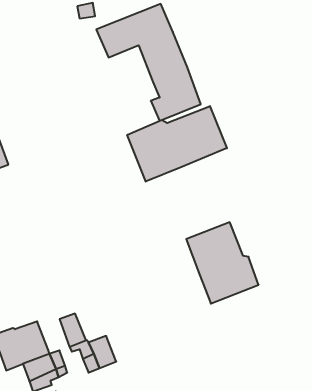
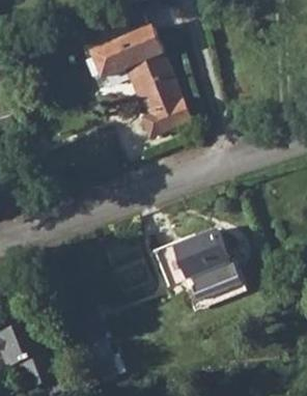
building: [127,106,227,182] -> none
building: none -> [152,242,188,287]

